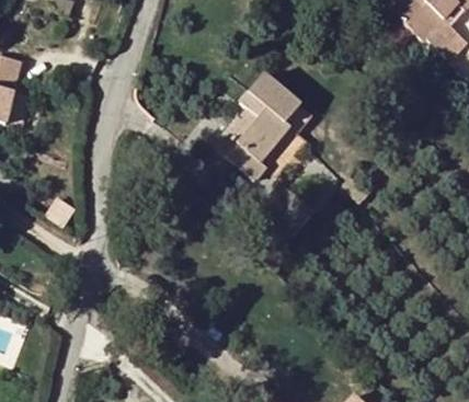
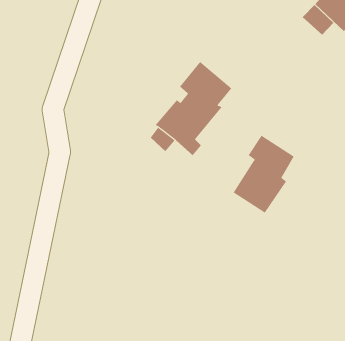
building: none -> [233,135,295,213]

